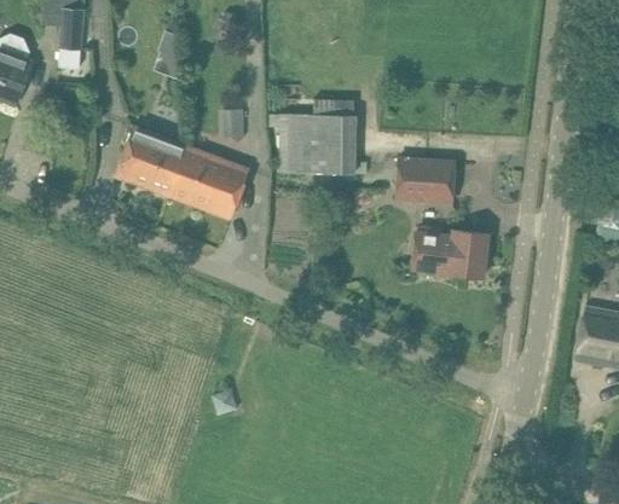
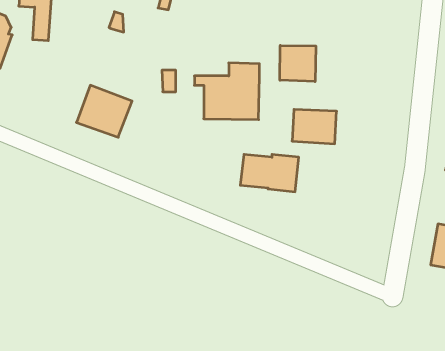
building: none -> [280,45,316,82]
building: [170,149,249,219] -> none
building: [412,231,488,279] -> [240,154,299,192]

